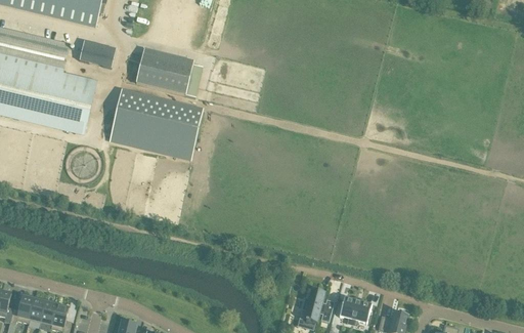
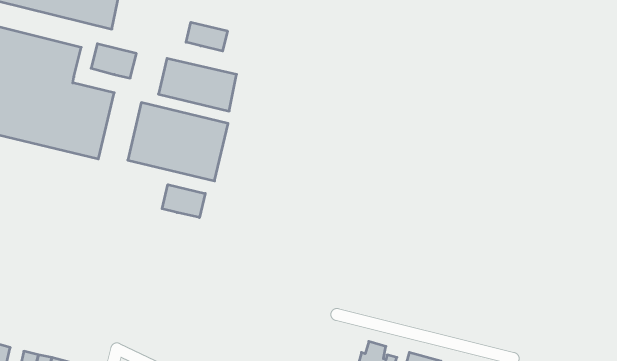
building: none -> [186,22,227,51]
building: none -> [162,185,205,218]

